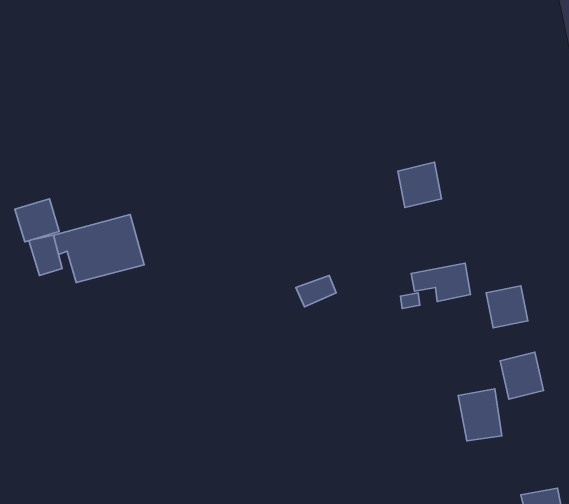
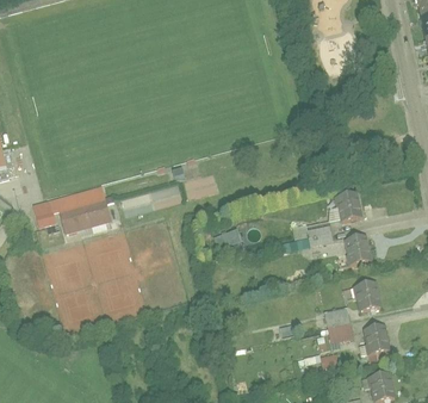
building: [398,162,442,208] -> [337,190,367,221]
building: [15,199,59,242] -> none
building: none -> [362,323,392,354]

